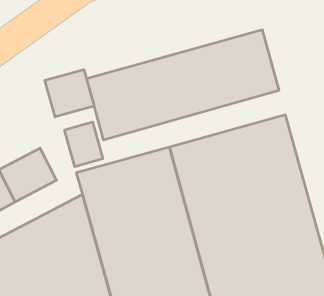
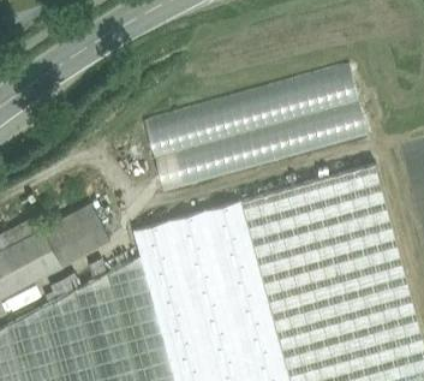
building: [45,70,94,117] -> none
building: [65,122,103,167] -> none

